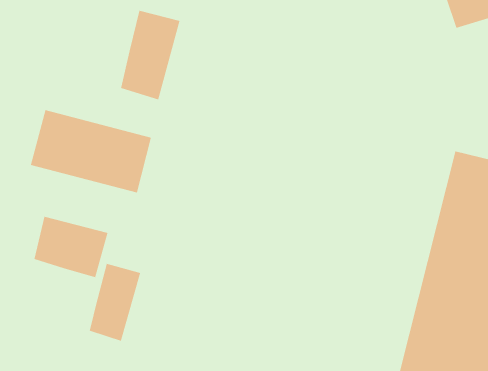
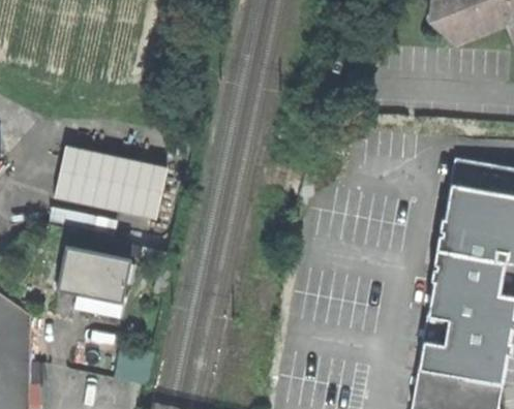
building: [120,10,180,101] -> none
building: [89,263,141,342] -> none

